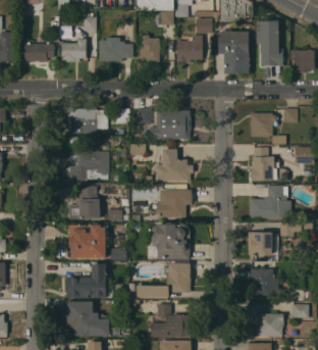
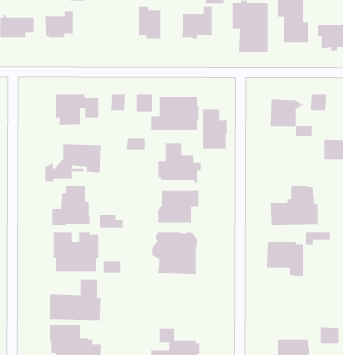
building: [98,37,132,61] -> none
building: [253,147,274,181] -> [202,109,228,149]
building: [137,262,190,297] -> none
building: [250,266,277,297] -> none

